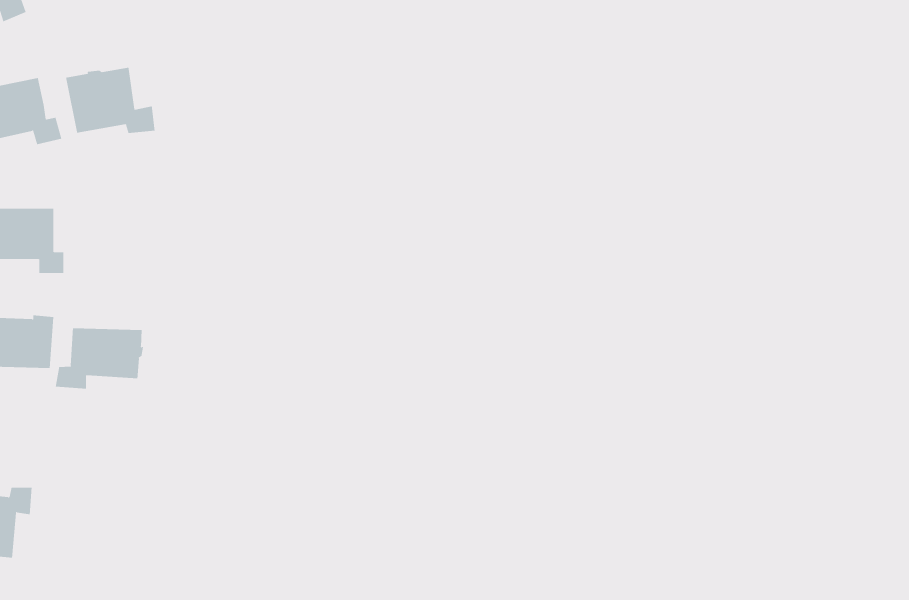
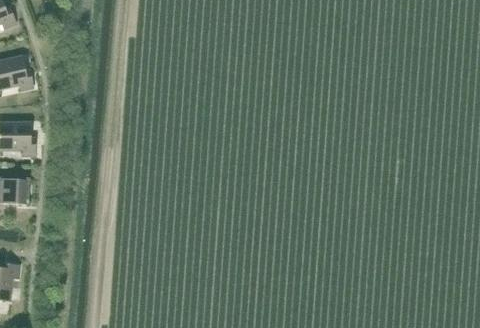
building: [65,67,155,134] -> none
building: [55,328,144,389] -> none

